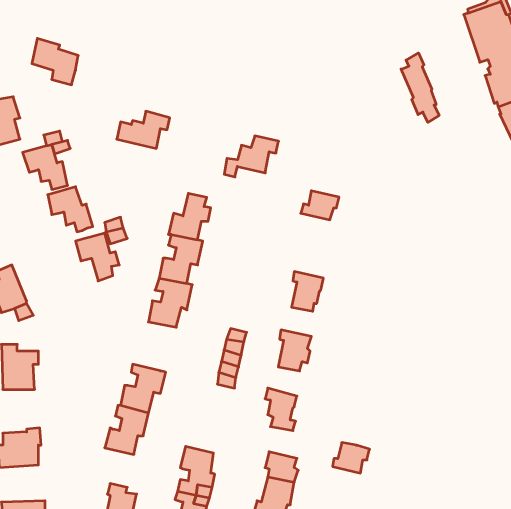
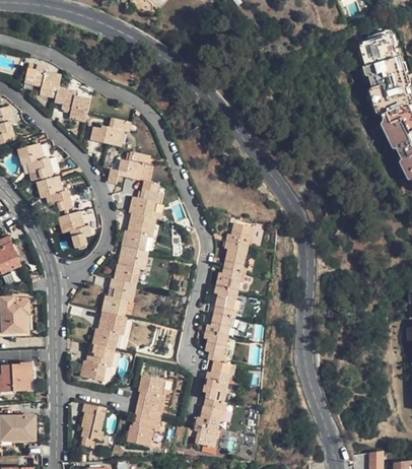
building: [401,53,439,122] -> none
building: none -> [55,86,90,121]
building: [224,136,279,177] -> [109,151,150,183]
building: [301,191,339,220] -> [226,223,256,246]
building: none -> [216,268,246,290]
building: none -> [102,278,136,317]
building: none -> [206,314,234,336]
building: [333,443,370,473] -> [207,360,235,384]

